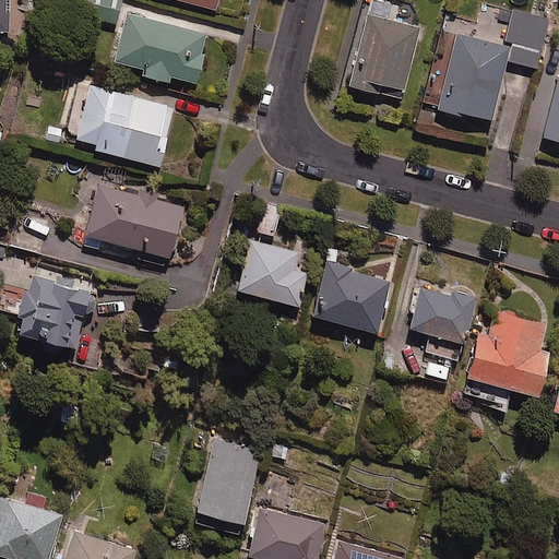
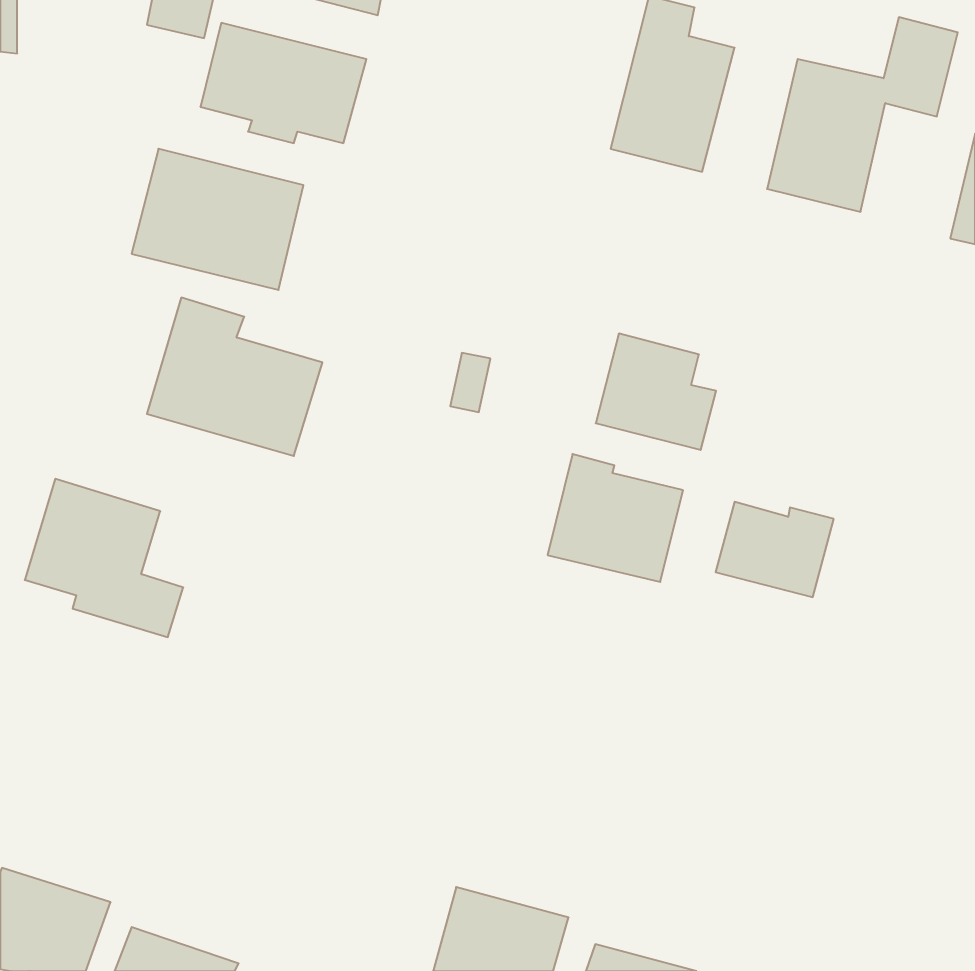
building: [239,240,308,307] -> [596,334,716,450]
building: [463,311,551,409] -> none
building: [195,439,260,531] -> none

